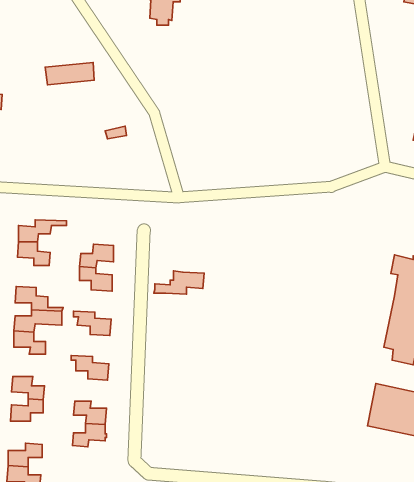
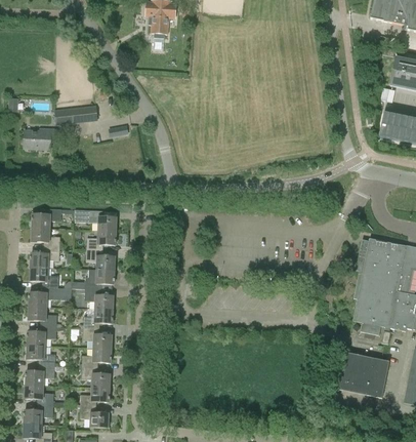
building: [45,63,94,85] -> [54,106,97,125]
building: none -> [24,128,56,149]
building: none -> [74,209,117,231]
building: none -> [31,248,59,268]
building: [154,271,204,294] -> [71,269,115,289]
building: none -> [79,309,113,328]
building: none -> [28,326,56,346]
building: none -> [82,348,111,367]
building: none -> [26,385,53,405]
building: none -> [79,406,108,428]

